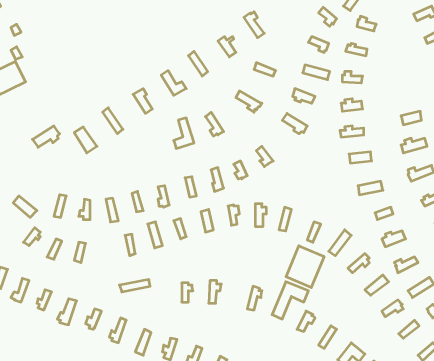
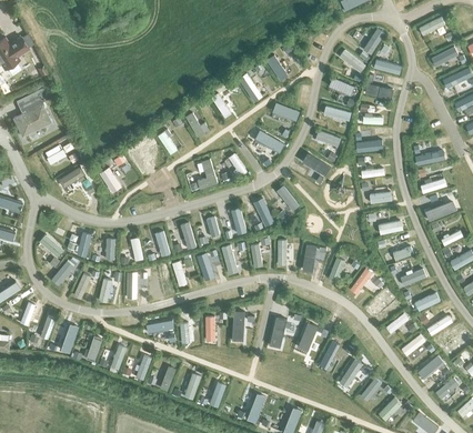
building: [286,246,324,288] -> none

